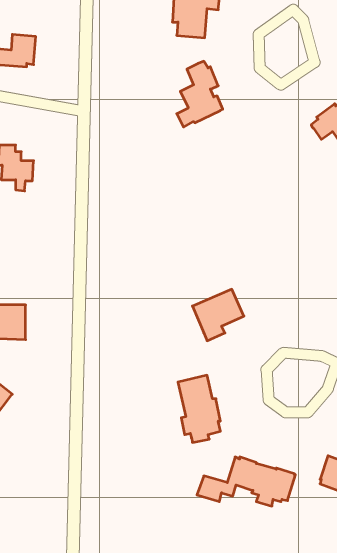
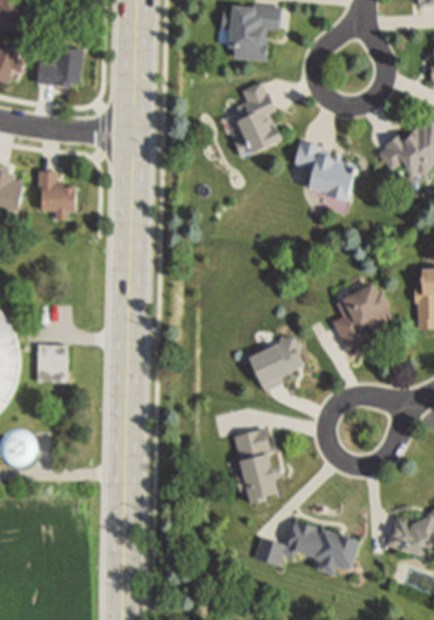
building: none -> [292,140,353,197]
building: none -> [331,279,390,348]

